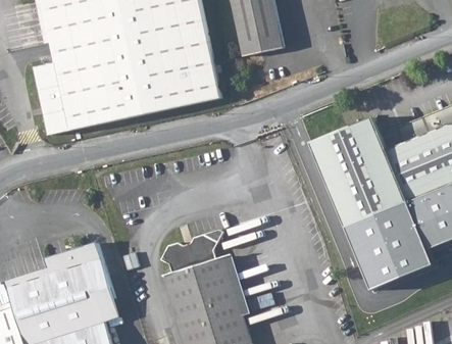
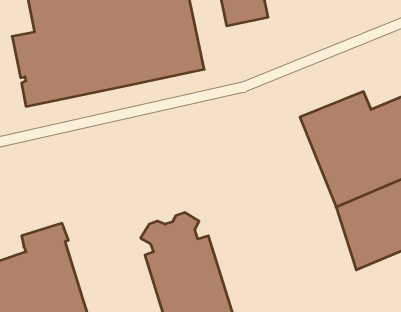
building: [84,242,119,323] -> none

